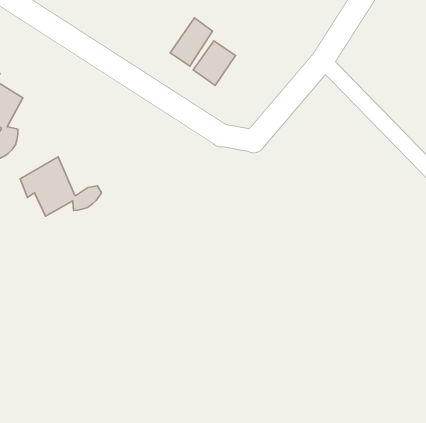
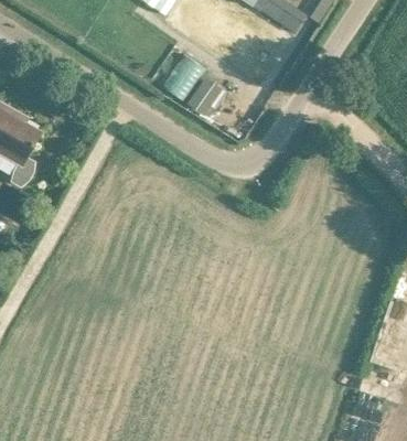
building: [20,157,101,216] -> none

